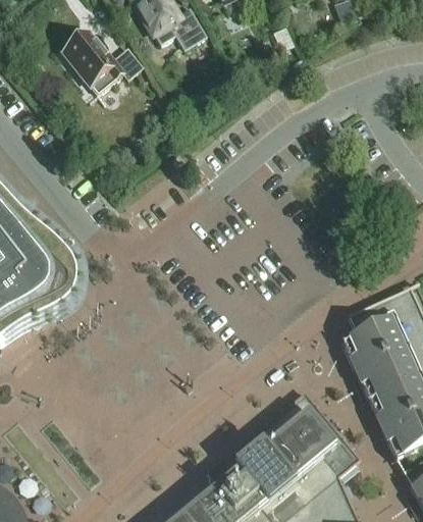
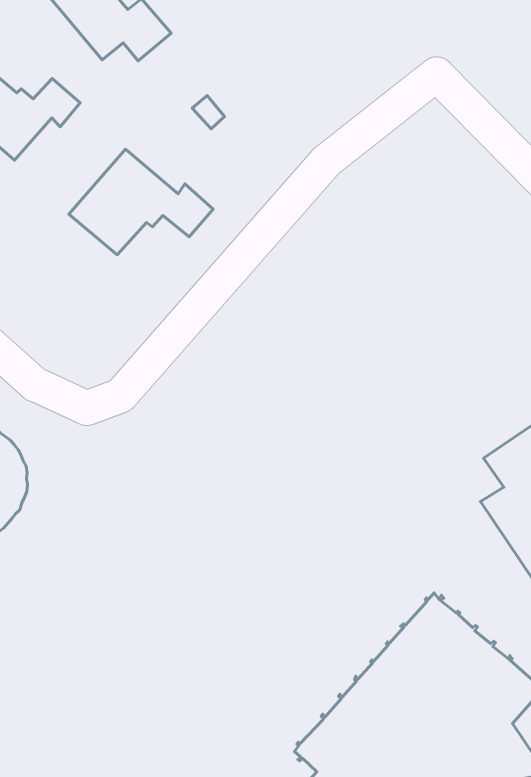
building: none -> [69,149,213,255]

